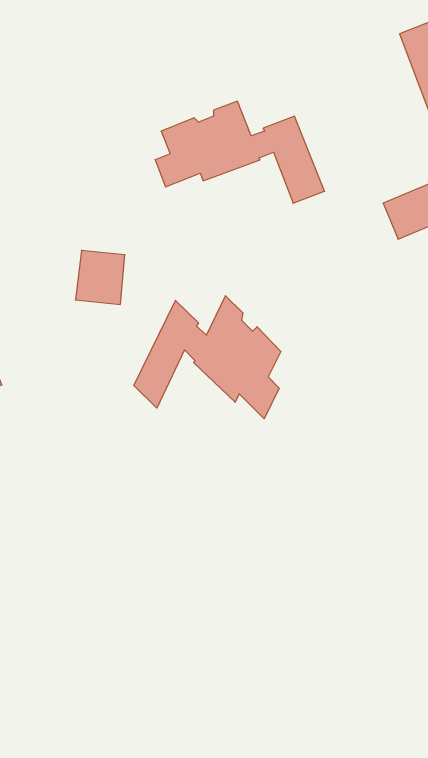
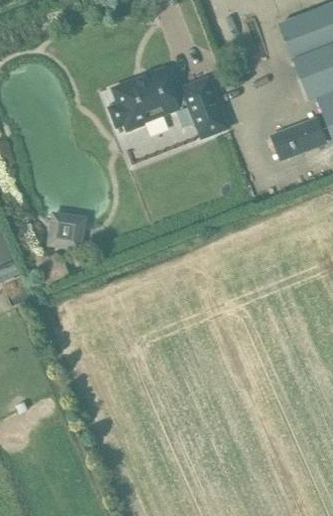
building: [75,250,125,304] -> [48,211,82,247]
building: [134,296,281,419] -> none

